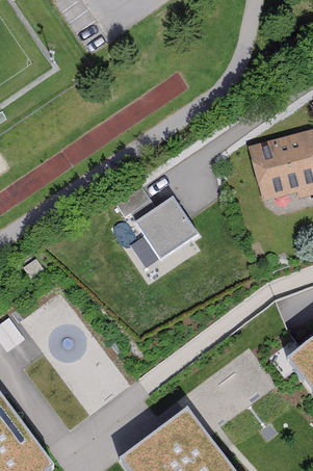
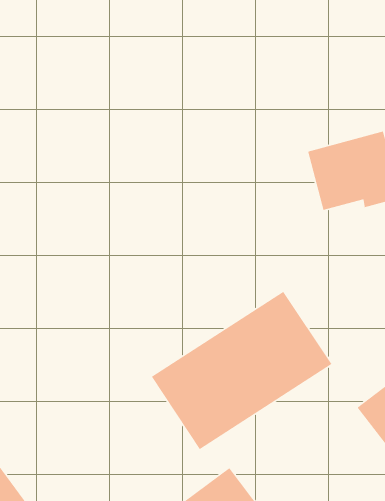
building: [135,200,193,257] -> none
building: none -> [151,291,332,450]

